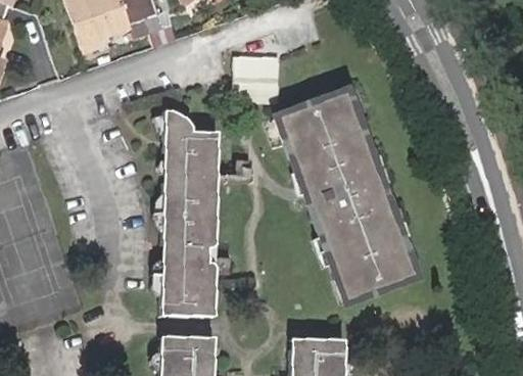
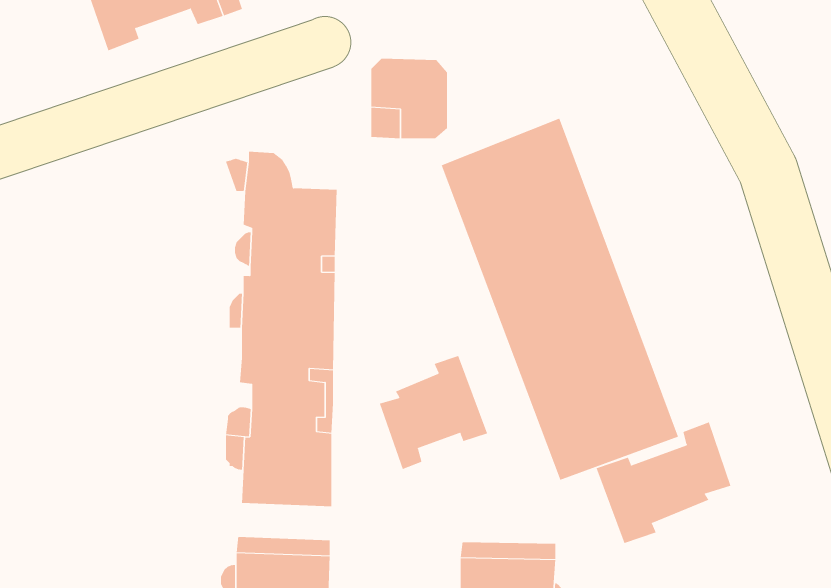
building: none -> [379,355,488,470]
building: none -> [596,421,731,544]

